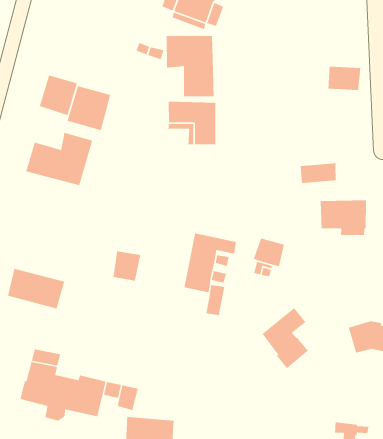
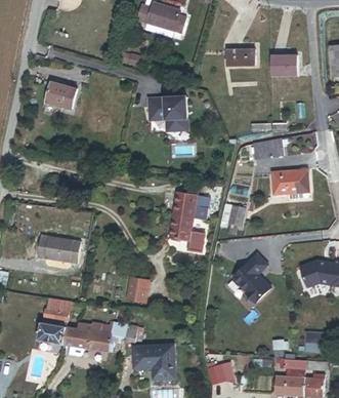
building: [166,35,215,97] -> none
building: none -> [227,52,256,70]
building: [67,85,111,131] -> none
building: [25,132,93,186] -> none
building: [112,251,141,282] -> [124,274,145,297]

